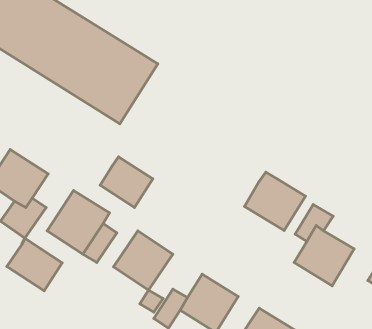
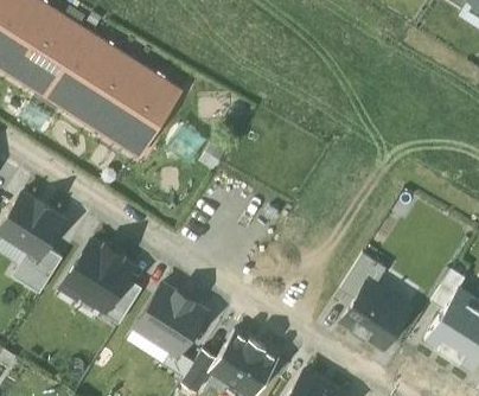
building: [100,157,153,208] -> none
building: [245,172,306,231] -> none
building: [7,238,62,291] -> none

